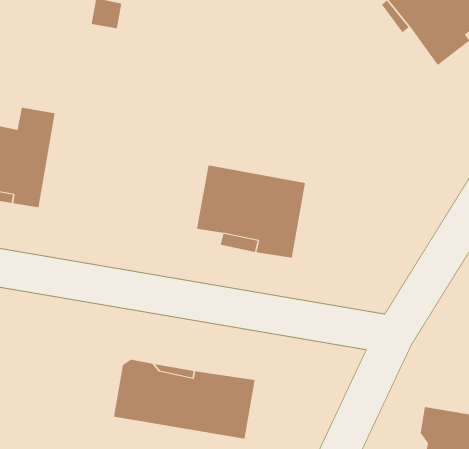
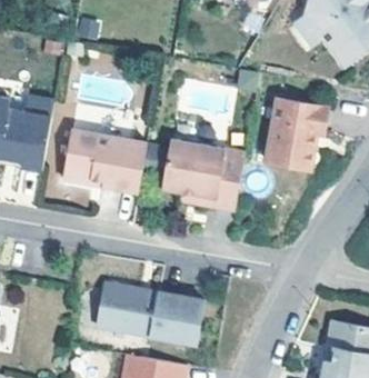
building: none -> [263,98,325,169]
building: none -> [63,130,148,192]

